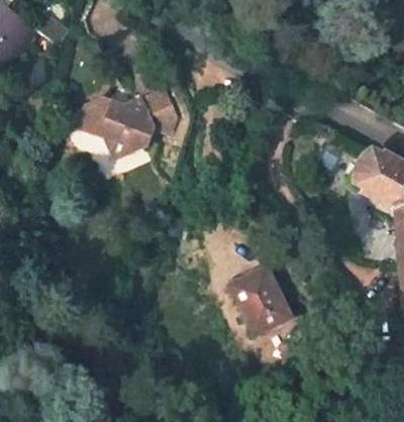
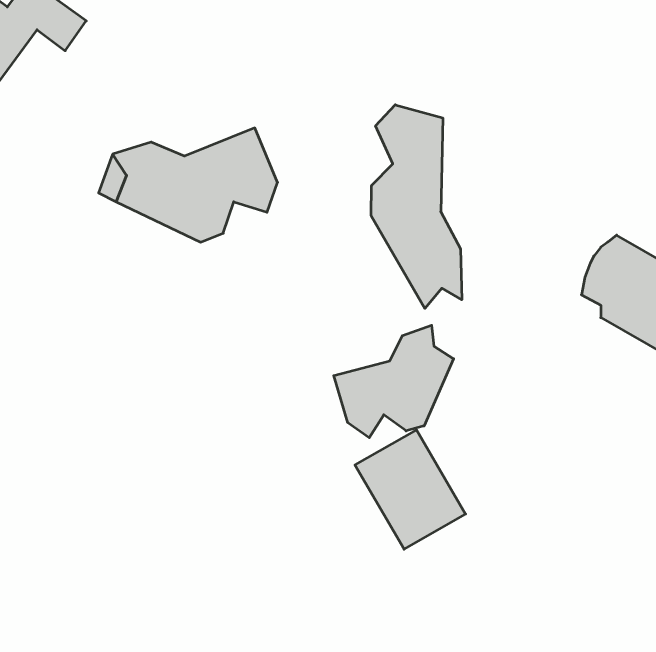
building: none -> [371,105,462,308]
building: none -> [334,325,454,438]

